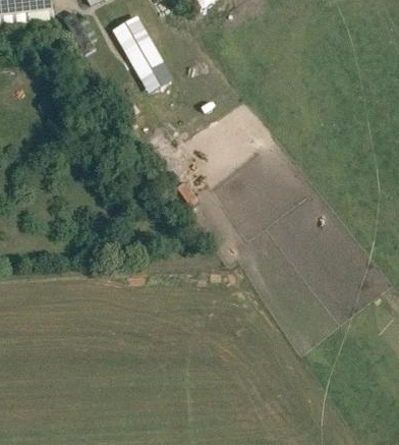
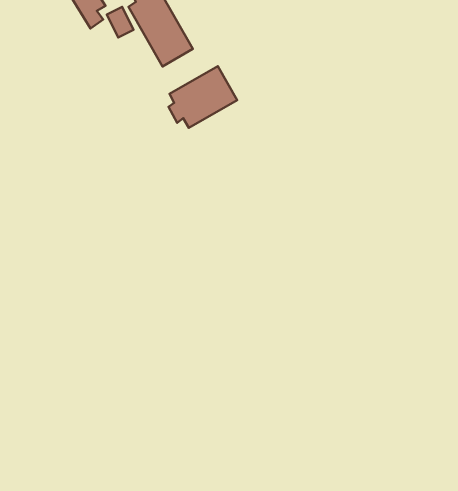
building: none -> [169,66,237,128]

